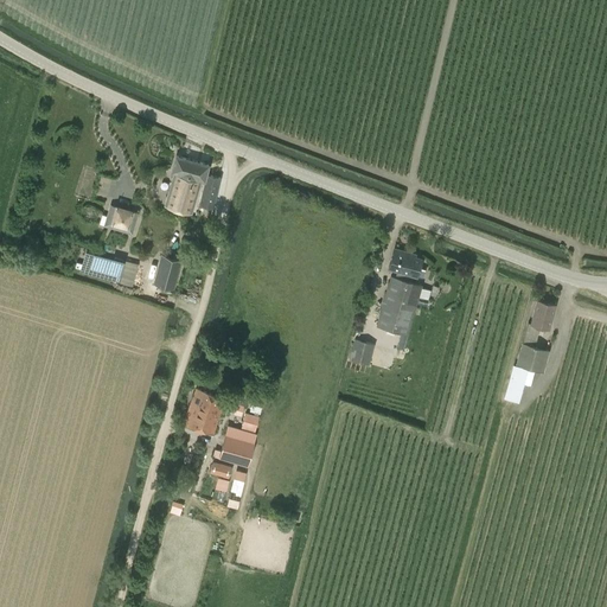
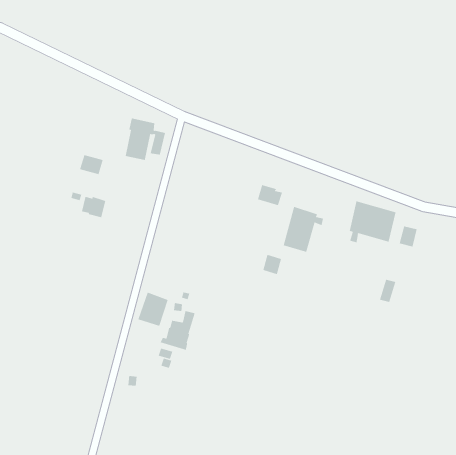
building: [388,249,422,277] -> [257,184,283,206]
building: [154,256,180,289] -> none
building: none -> [349,201,396,243]
building: [515,343,549,373] -> none

